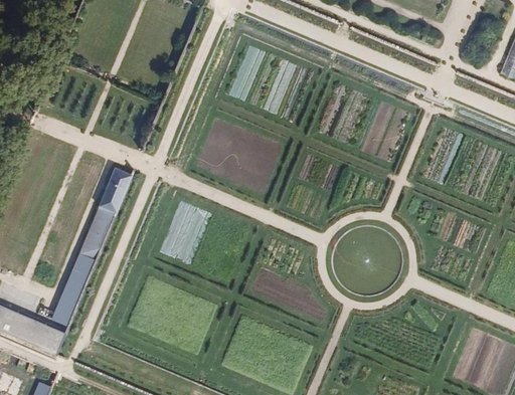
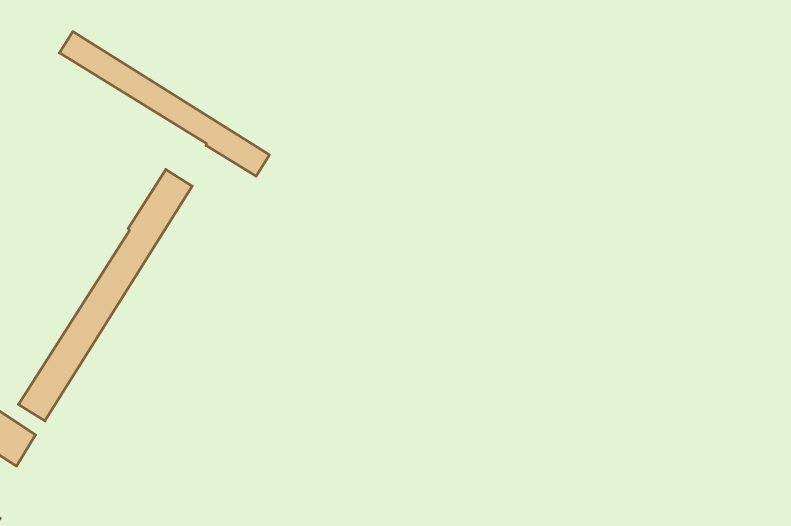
building: none -> [59,32,269,176]

